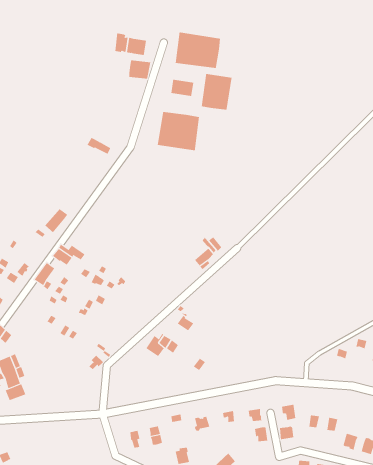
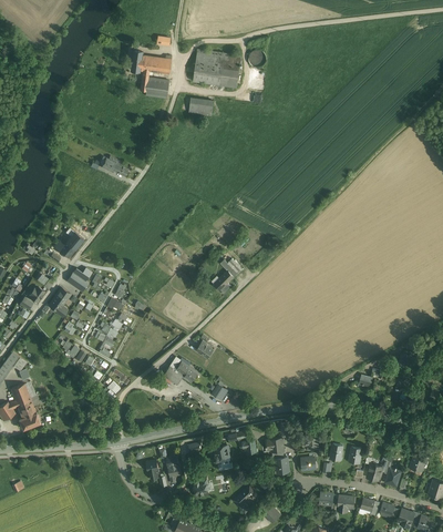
building: [201,73,232,110] -> none
building: [157,111,200,151] -> none

